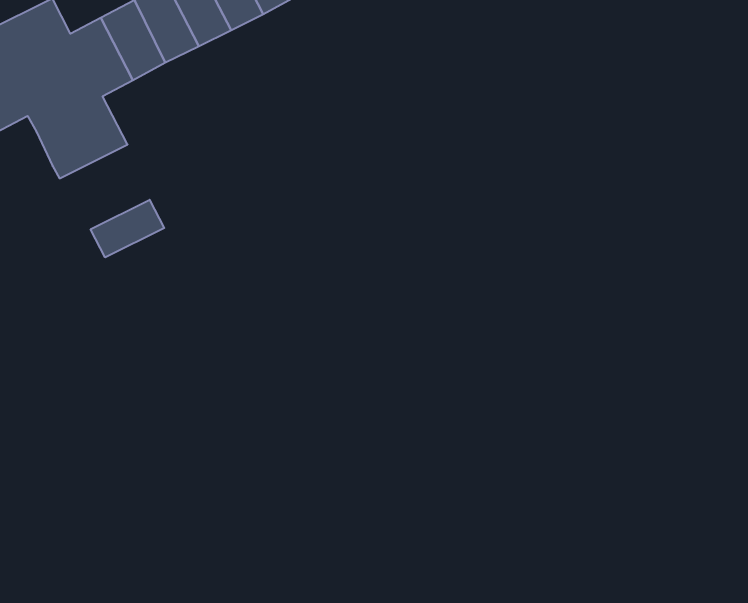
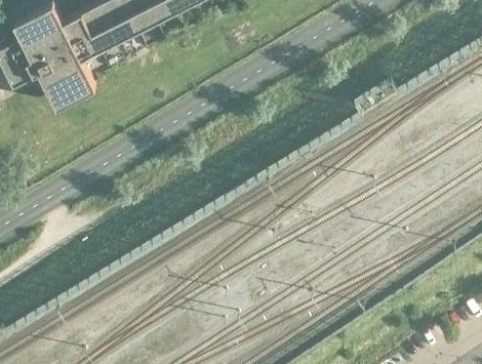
building: [91,200,164,257] -> none

